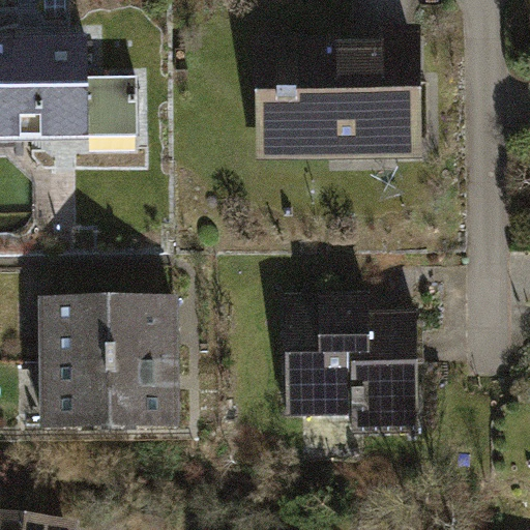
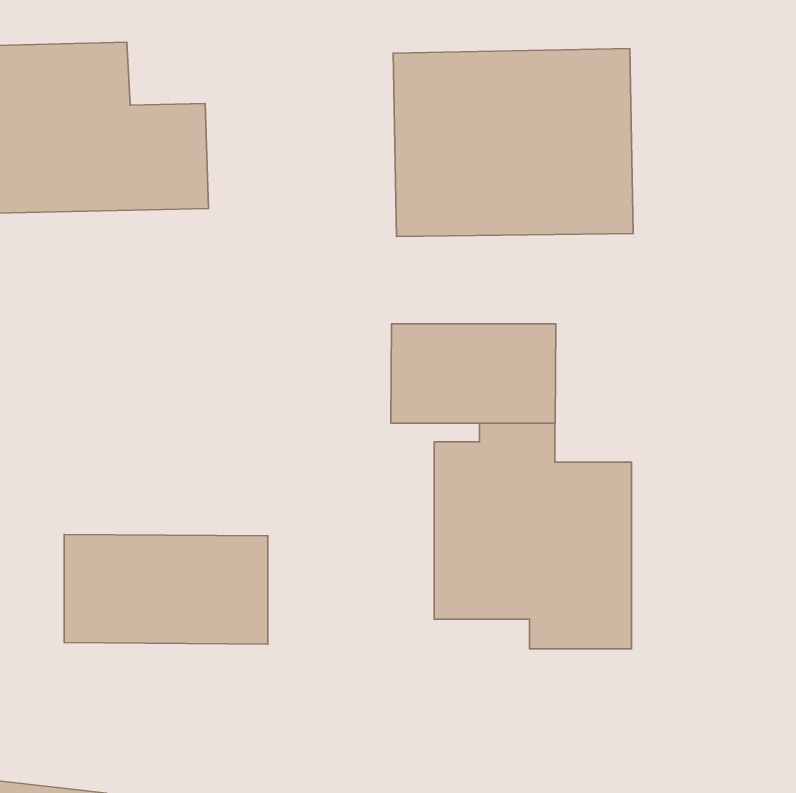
building: none -> [391,324,556,423]
building: [42,295,177,359] -> none

